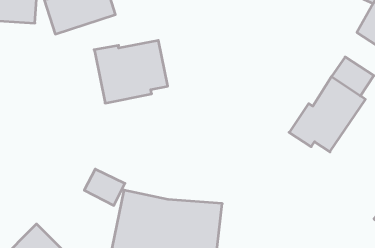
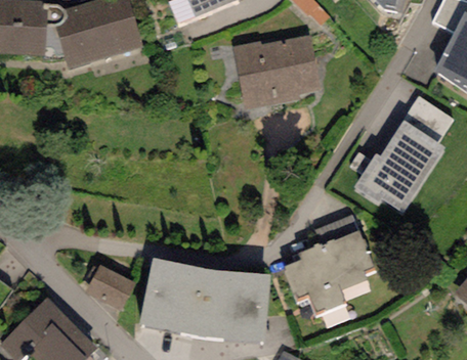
building: [94,40,168,103] -> [231,34,321,109]
building: none -> [283,214,376,314]
building: [84,169,125,205] -> [86,265,135,309]

